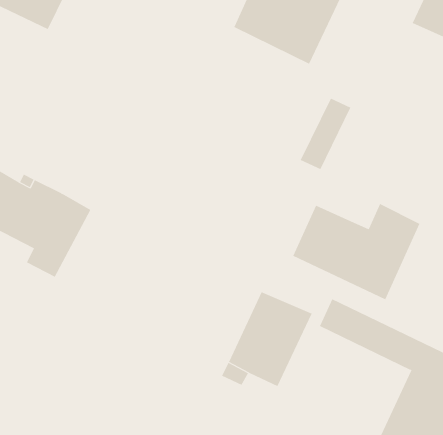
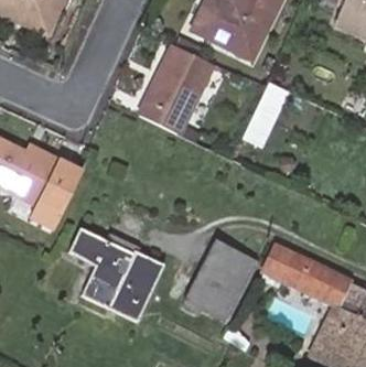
building: none -> [137,43,212,136]
building: [292,203,420,300] -> none
building: none -> [66,223,168,324]

